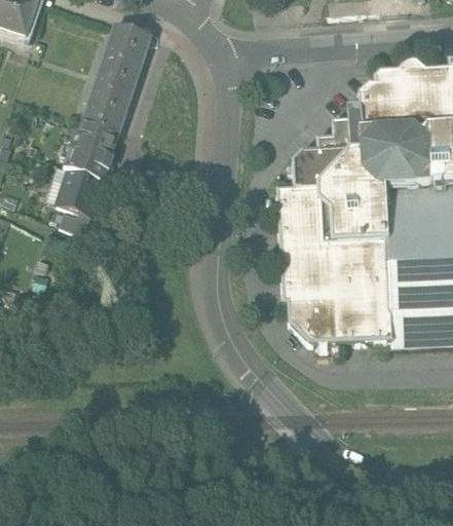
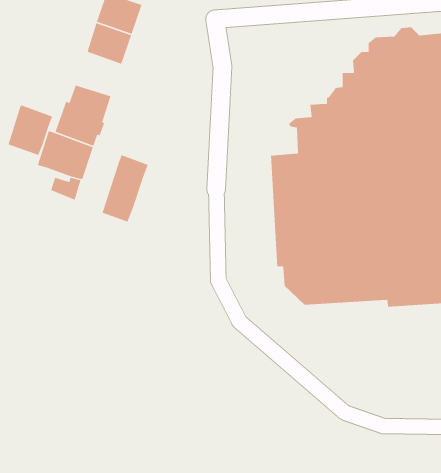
building: [85,87,131,130] -> none
building: none -> [7,104,53,156]
building: none -> [102,154,149,223]

